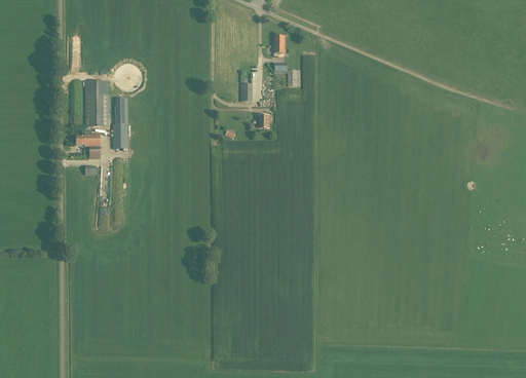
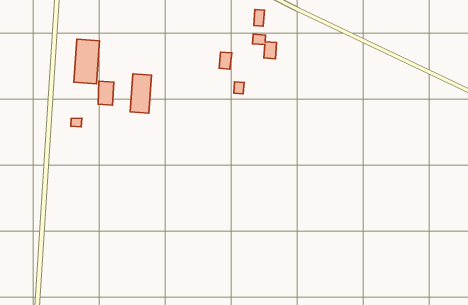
building: none -> [130,74,151,113]
building: [76,129,101,158] -> none

